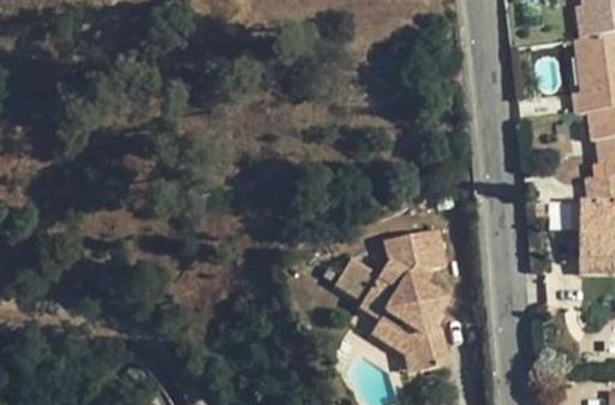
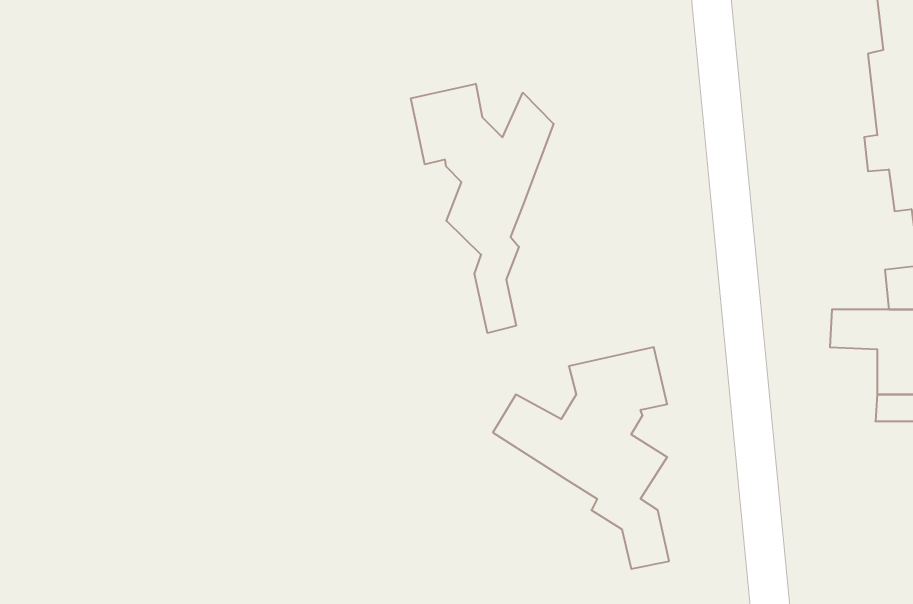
building: none -> [411,84,554,333]
building: [369,311,423,373] -> none

